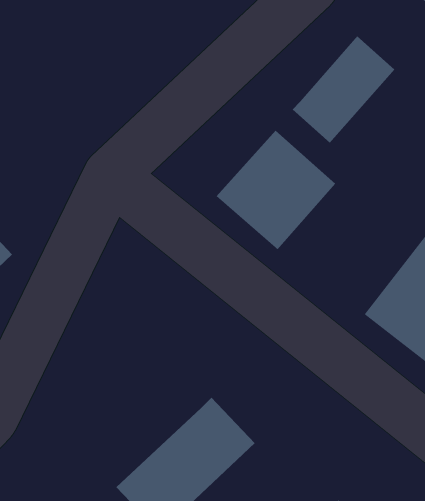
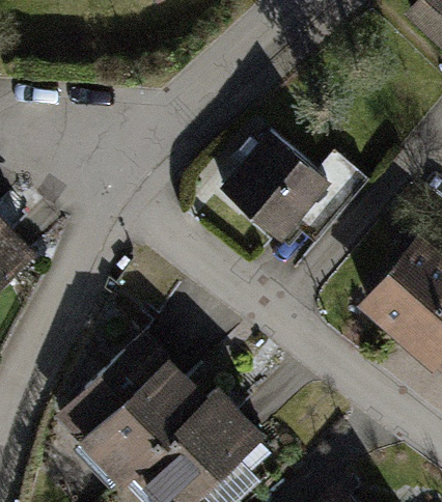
building: [292,35,395,143] -> none
building: none -> [60,338,208,483]

